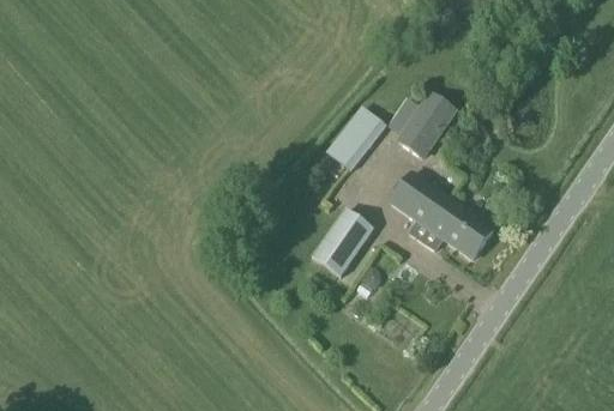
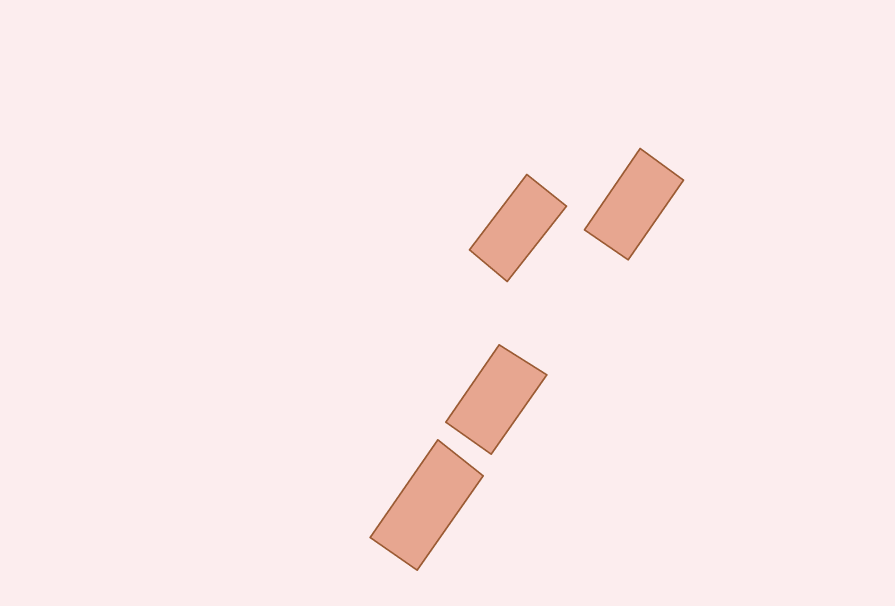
building: [391,173,492,256] -> none
building: none -> [370,440,483,570]

